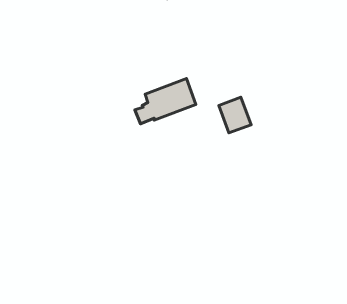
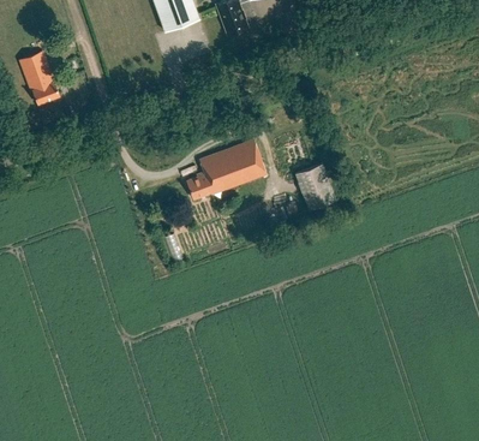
building: none -> [19,53,60,106]

